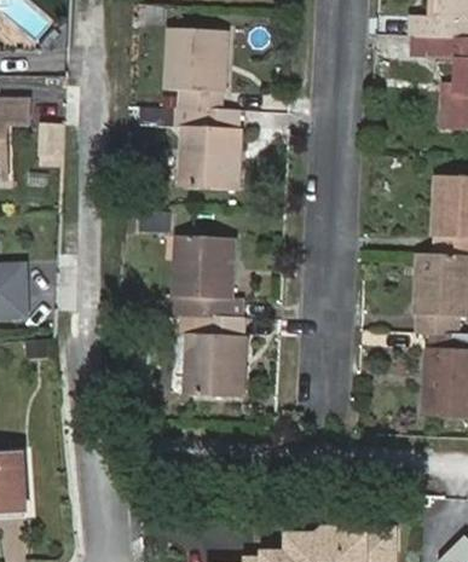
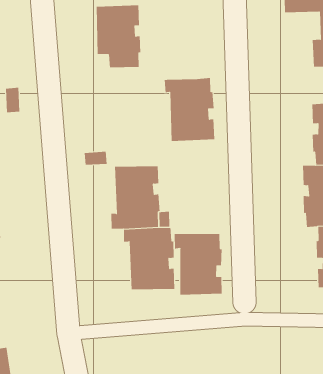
building: [178,108,239,190] -> [164,78,215,141]
building: none -> [174,233,222,295]

